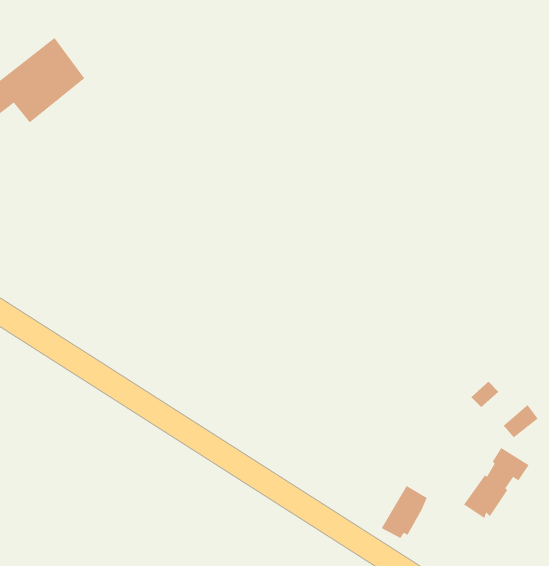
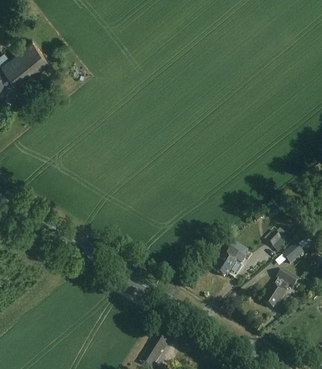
building: [381,485,428,539] -> [216,246,242,276]

